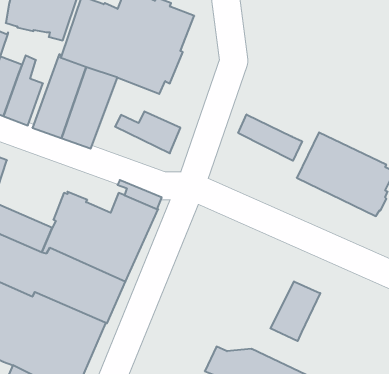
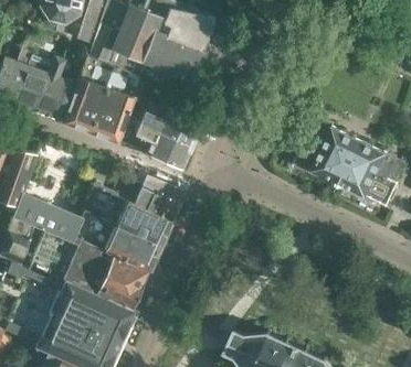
building: [238,114,302,161] -> none
building: none -> [135,121,192,169]
building: [270,281,320,341] -> none

